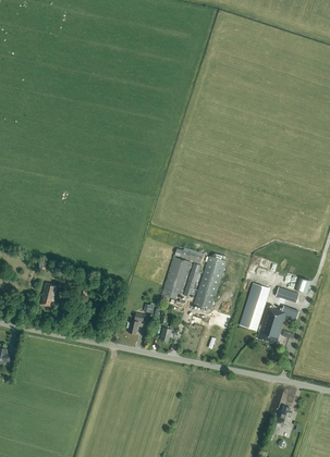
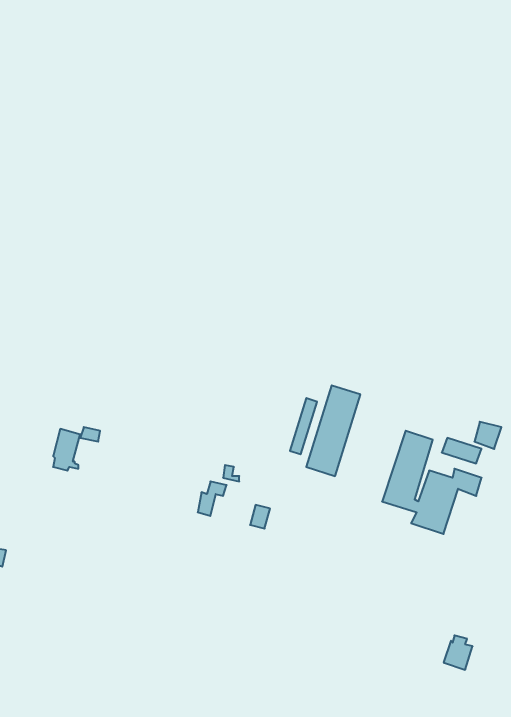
building: [162,248,204,299] -> none

